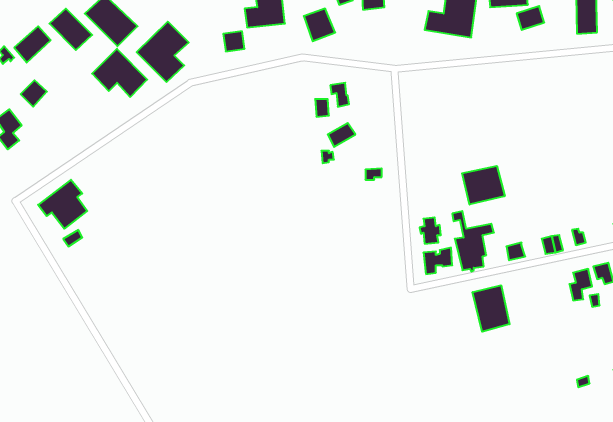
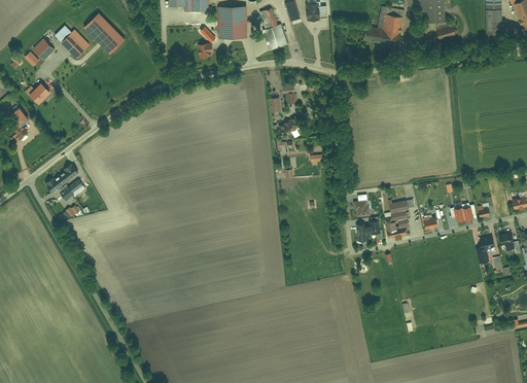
building: [137,22,189,82] -> none
building: [92,49,147,97] -> none
building: [462,166,505,205] -> none
building: [473,285,510,332] -> none

